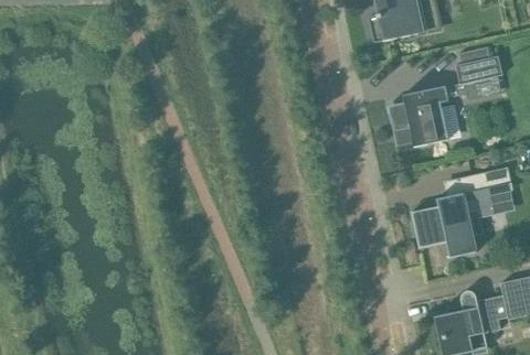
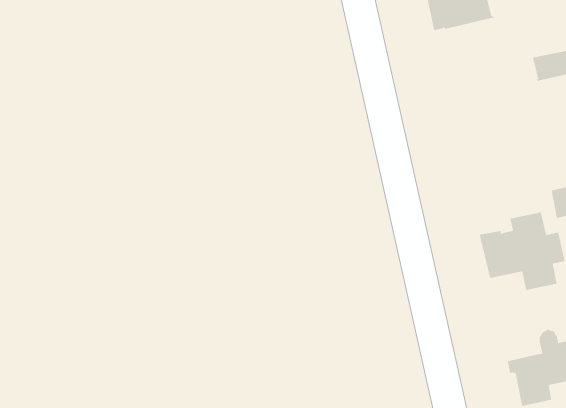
building: [389,85,447,147] -> none

